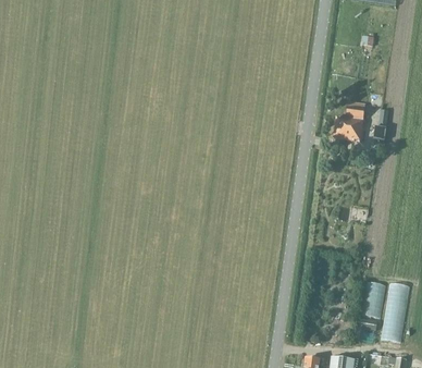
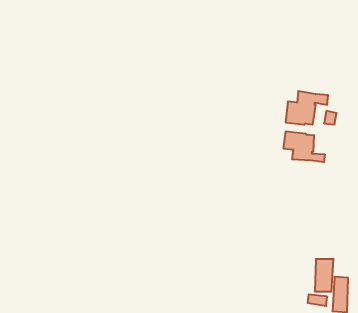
building: none -> [284,131,325,162]

